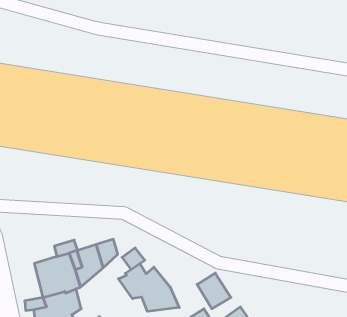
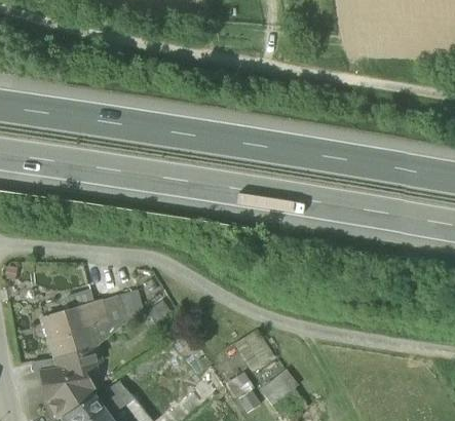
building: [118,264,179,311] -> none

